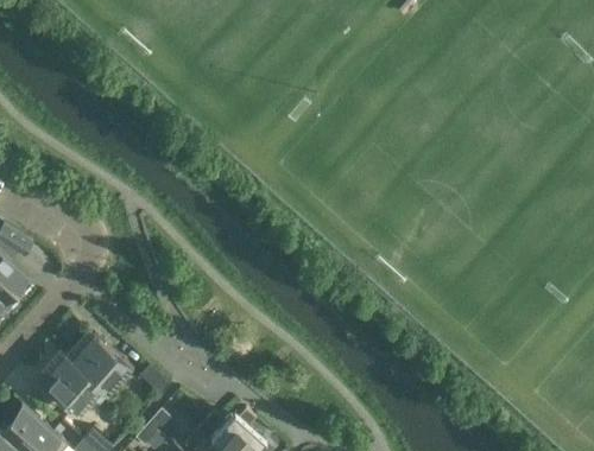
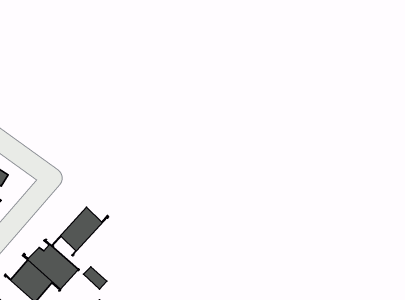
building: none -> [52,207,108,256]

